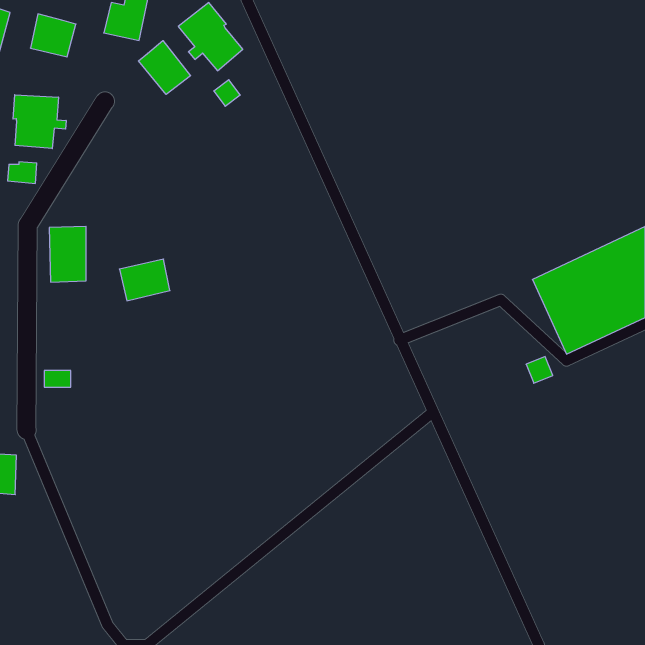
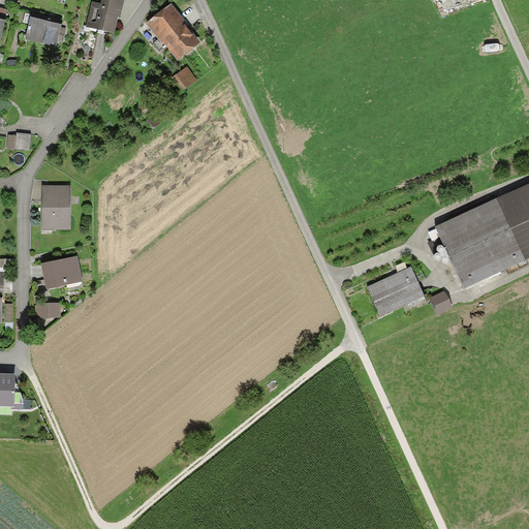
building: [138,41,191,94] -> none
building: [13,95,66,149] -> none
building: [119,259,170,301] -> [40,255,82,289]
building: none -> [367,267,423,314]

